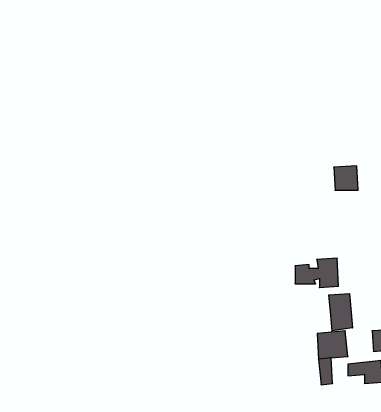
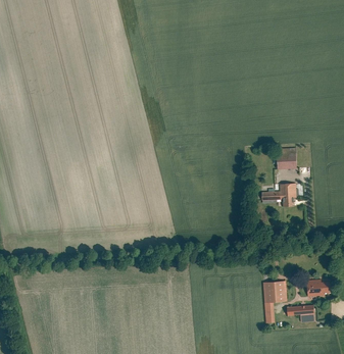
building: [295,258,338,288] -> [261,183,296,206]
building: [329,294,352,331] -> none

